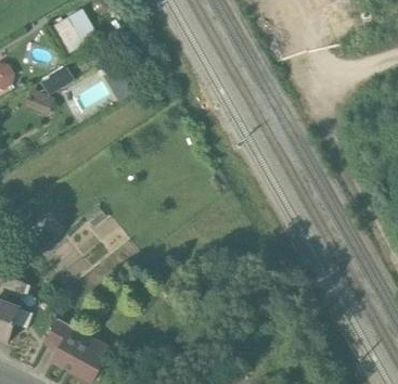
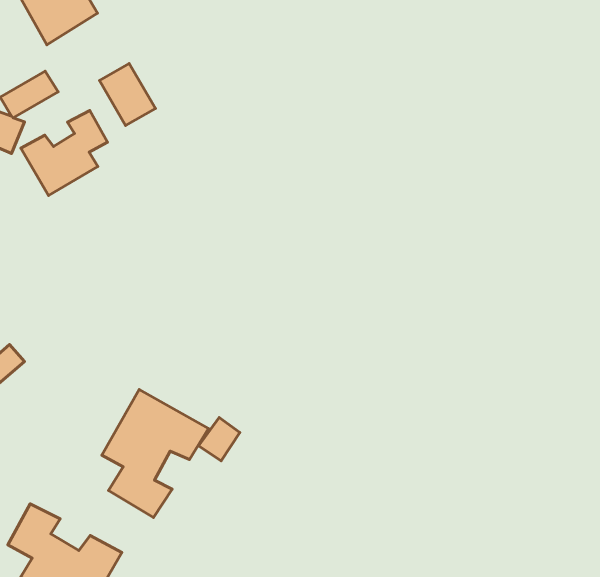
building: none -> [21,111,108,195]
building: none -> [102,389,208,517]

